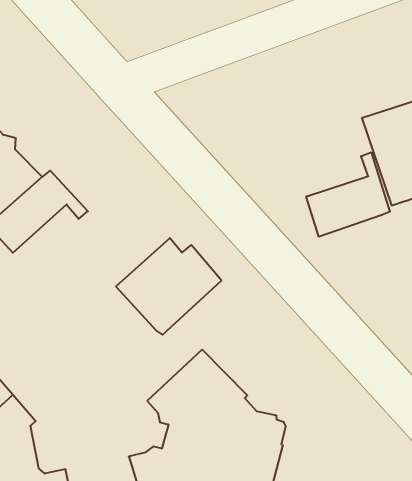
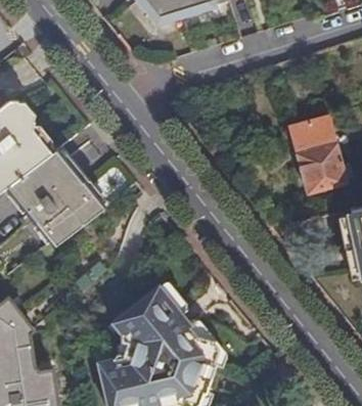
building: [306,152,390,237] -> none
building: [116,238,221,335] -> [26,174,103,244]

